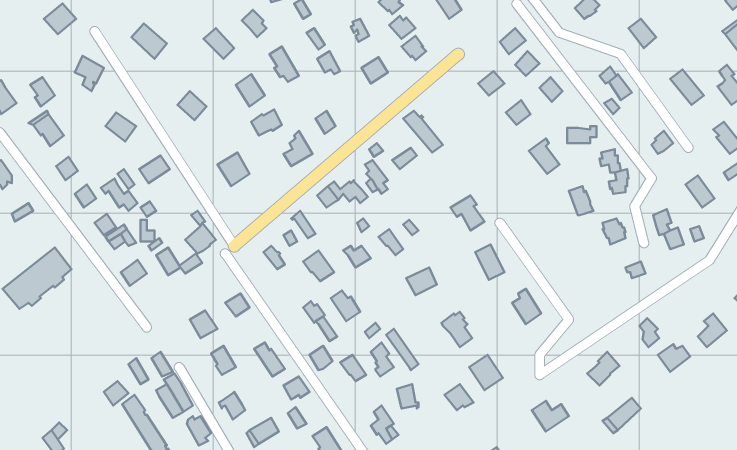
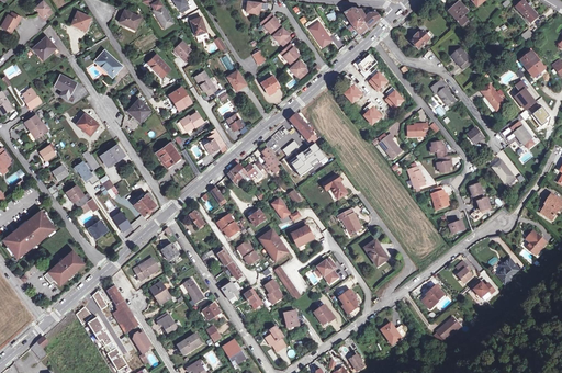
building: none -> [289,143,325,176]
building: none -> [260,228,289,259]
building: none -> [43,251,80,283]

